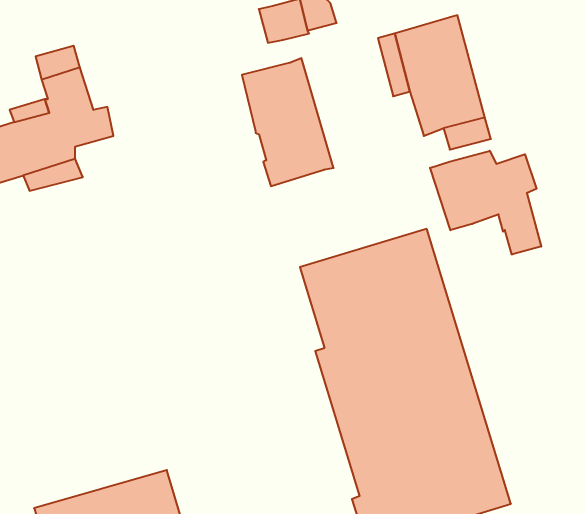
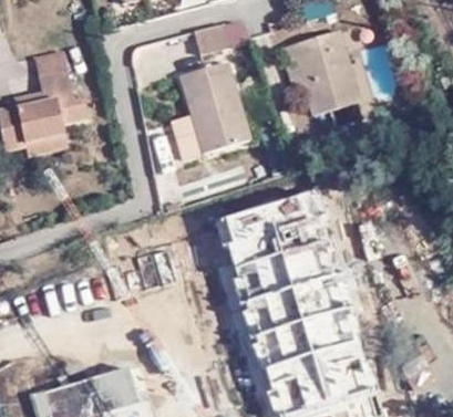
building: none -> [169,116,203,161]
building: [430,151,541,255] -> none

